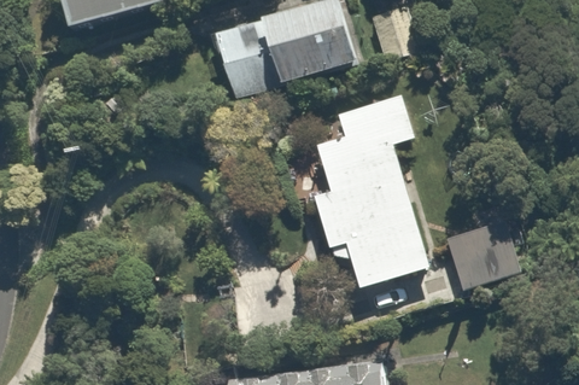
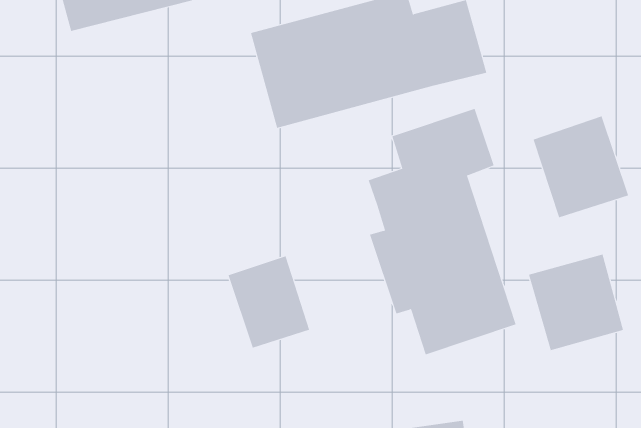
building: none -> [533,116,629,218]
building: none -> [228,256,310,349]

